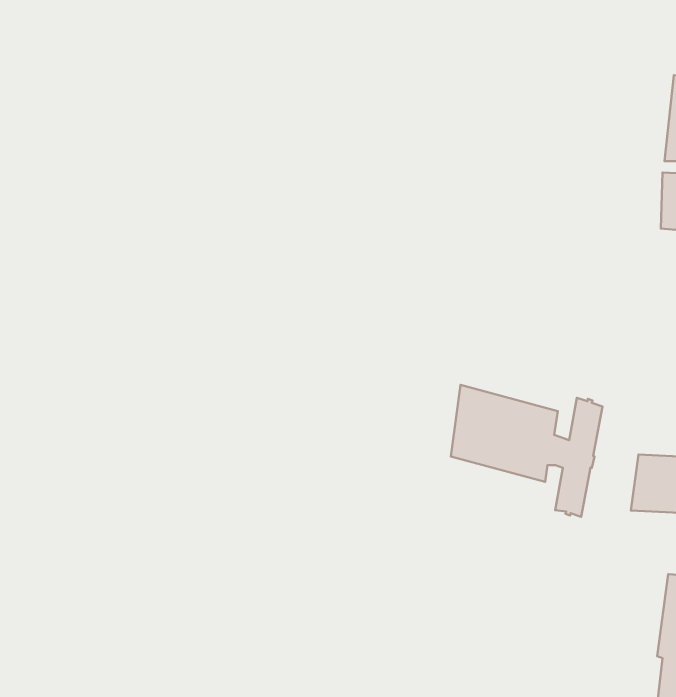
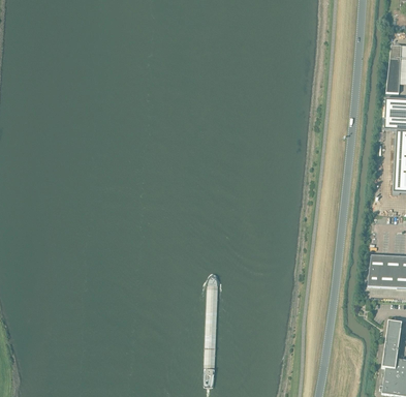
building: [451,385,602,517] -> none

